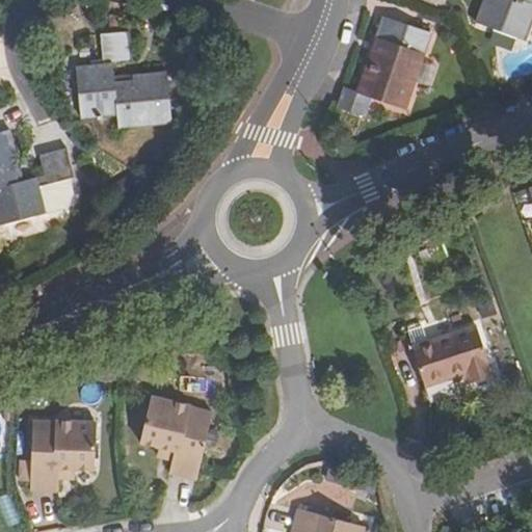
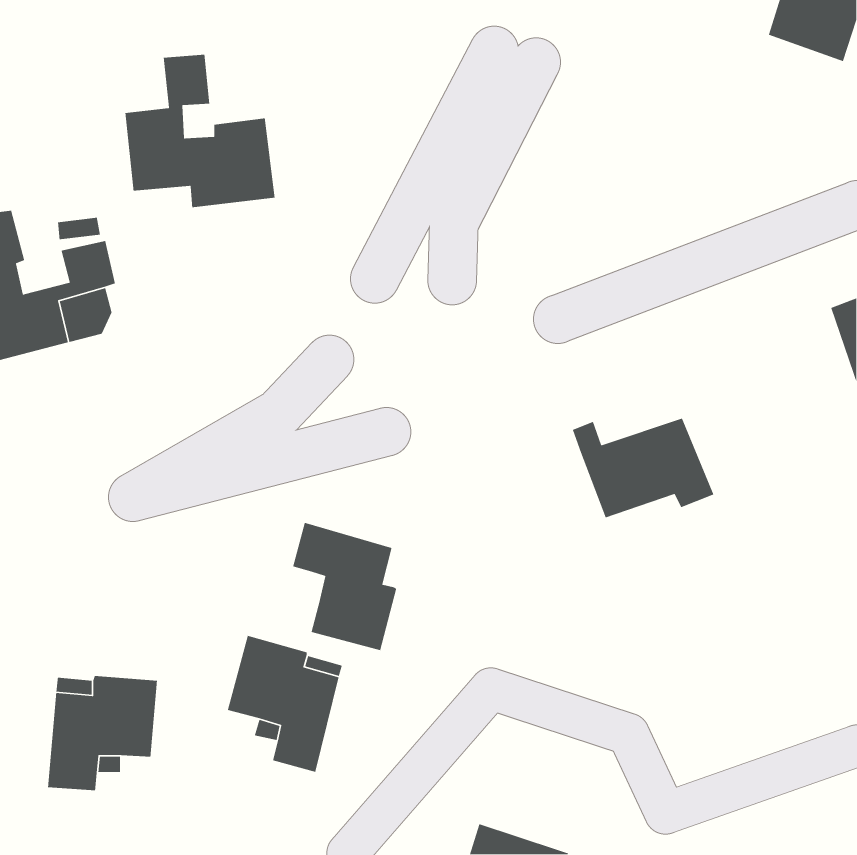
building: [354,16,427,107] -> none
building: none -> [292,522,397,651]
building: [407,323,496,385] -> [572,418,715,518]

